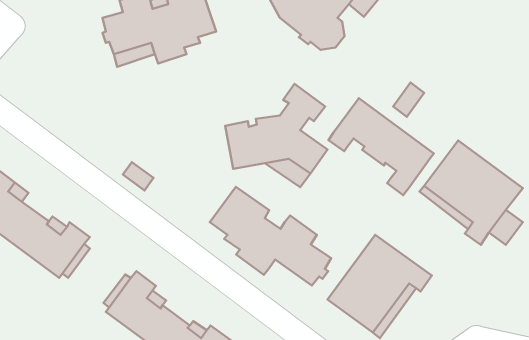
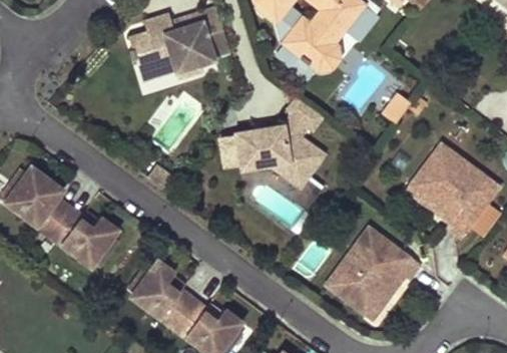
building: [328,98,434,195] -> none
building: [210,187,331,285] -> none

